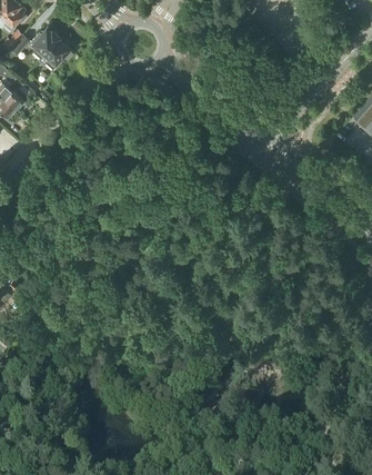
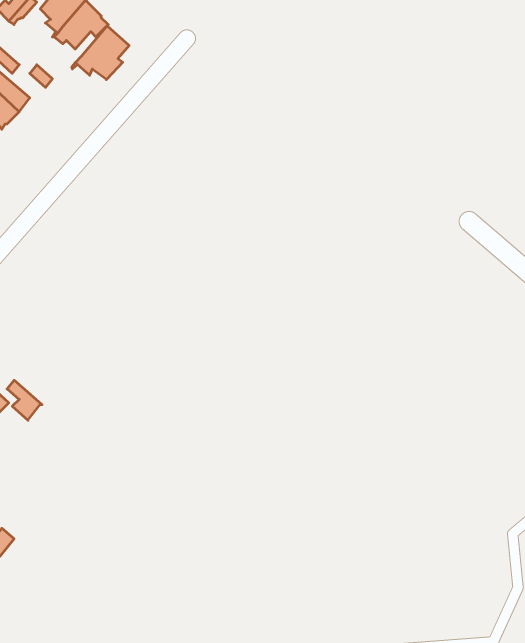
building: none -> [72,26,129,80]

